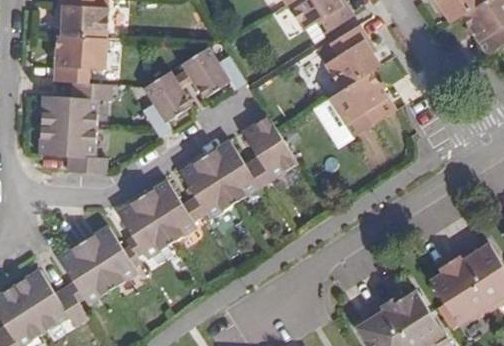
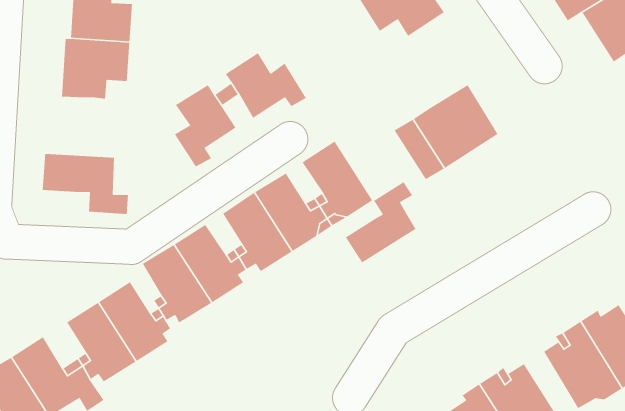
building: [325,23,381,90] -> none
building: [41,82,111,128] -> none
building: none -> [345,181,417,263]

